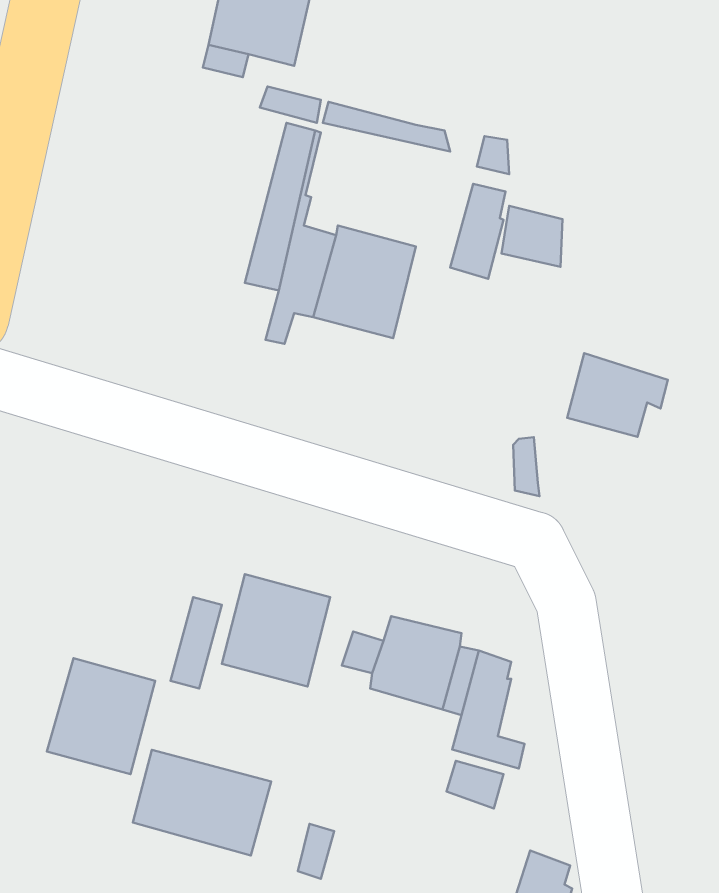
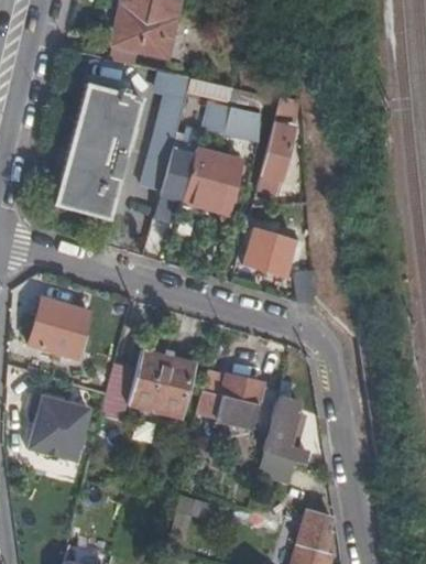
building: none -> [54,83,142,218]
building: [501,206,562,267] -> [227,106,262,141]
building: [567,353,668,437] -> [244,227,303,275]
building: none -> [28,299,89,358]
building: [133,750,271,855] -> none

